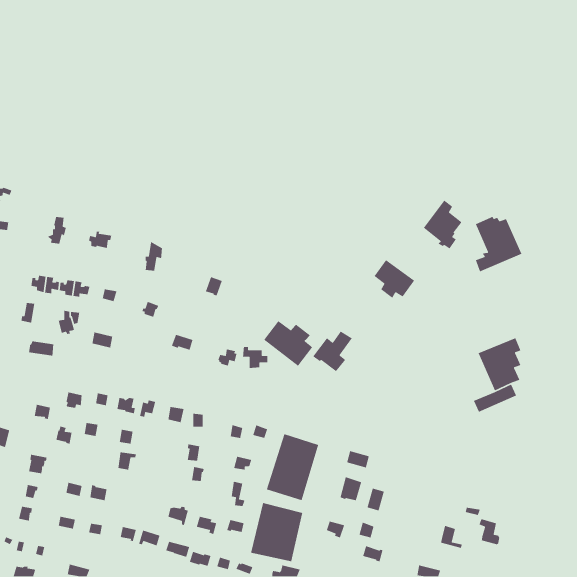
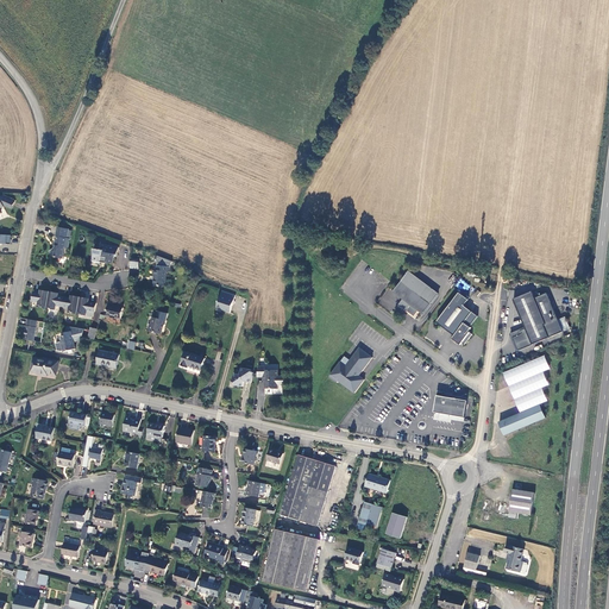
building: [423,200,462,249] -> [435,291,477,344]
building: [475,216,522,272] -> [510,288,560,347]
building: [263,320,313,367] -> none
building: none -> [432,390,465,416]
building: none -> [508,488,533,514]

